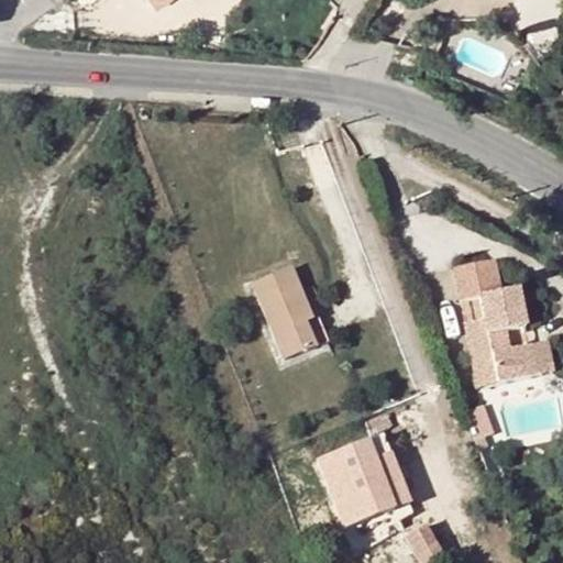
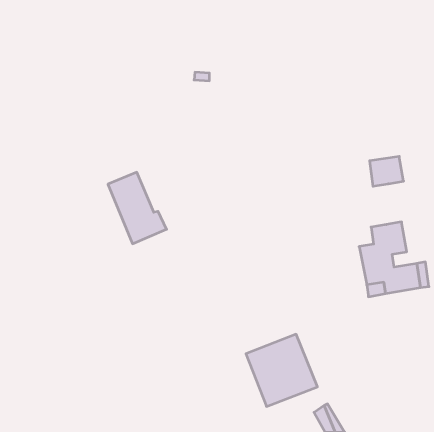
building: [455,258,499,297] -> [370,156,404,186]
building: [253,265,329,357] -> [108,172,167,244]

